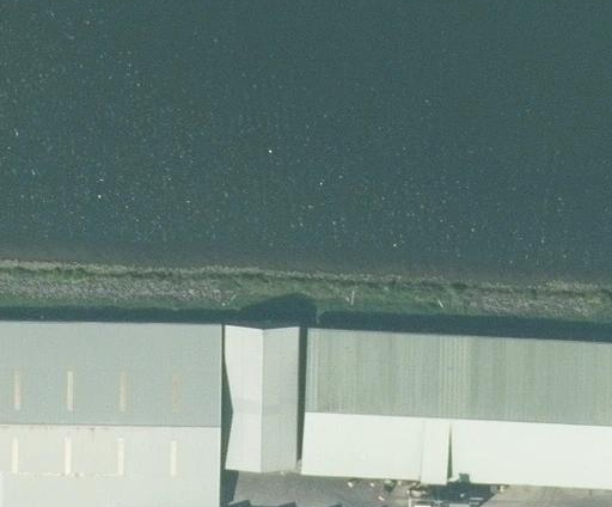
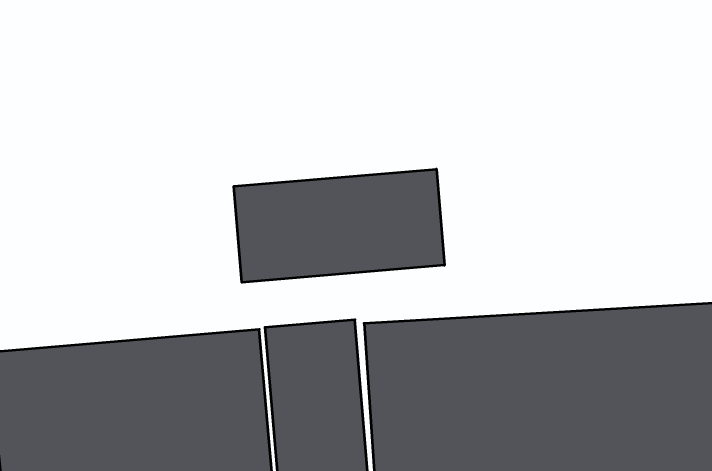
building: none -> [234,169,444,282]

